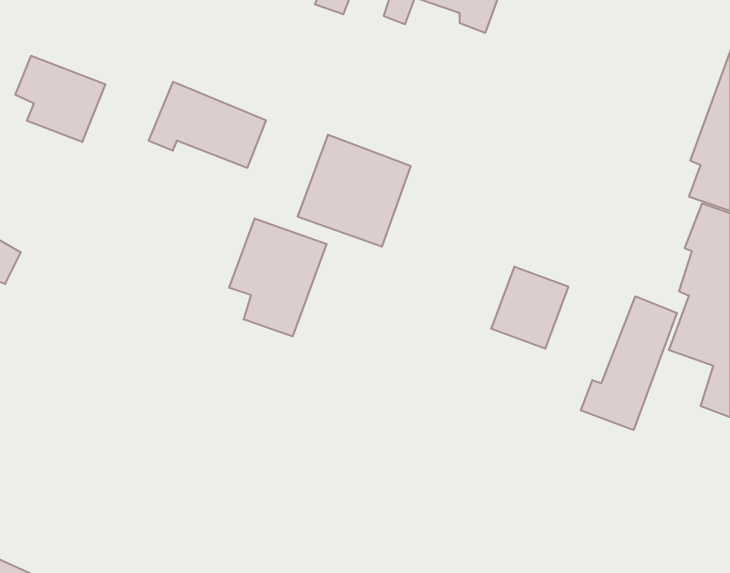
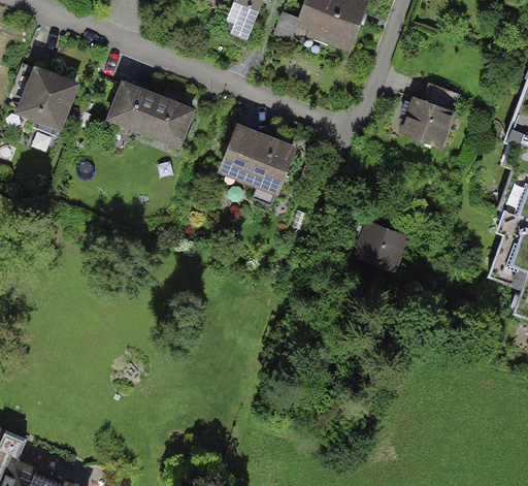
building: none -> [402,85,459,147]
building: [229,218,327,336] -> none
building: [581,296,677,430] -> none

